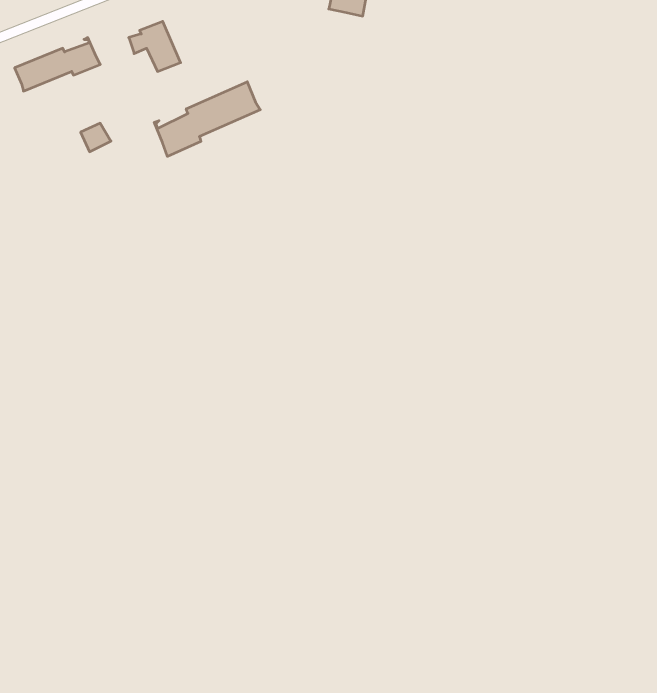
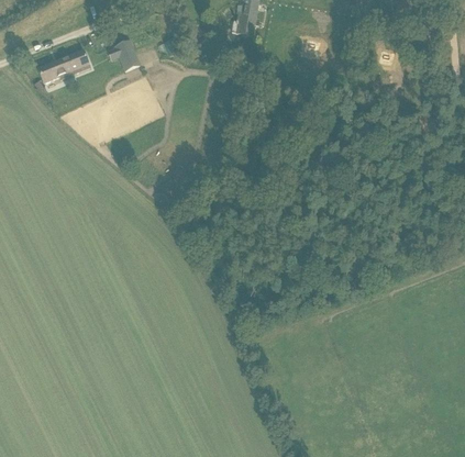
building: [154,82,260,156] -> none

